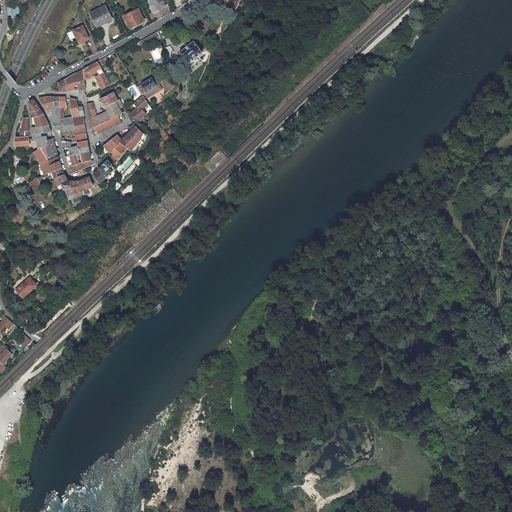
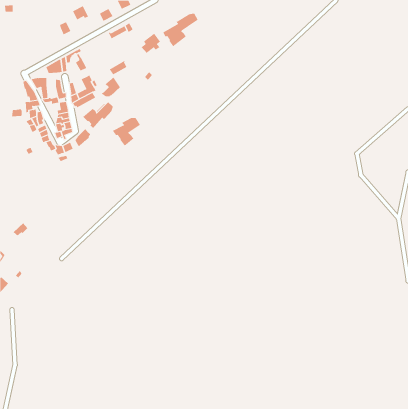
building: none -> [163,13,198,47]
building: none -> [112,117,141,146]

